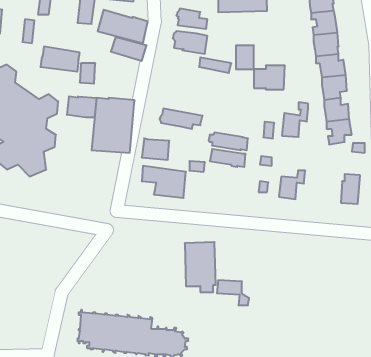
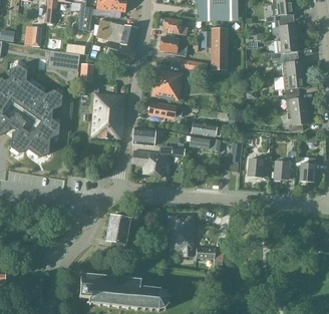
building: [254,66,285,89] -> [202,28,228,48]
building: none -> [151,68,184,99]
building: [67,96,96,118] -> none
building: [282,102,308,137] -> [274,150,296,180]
building: none -> [106,211,135,251]

